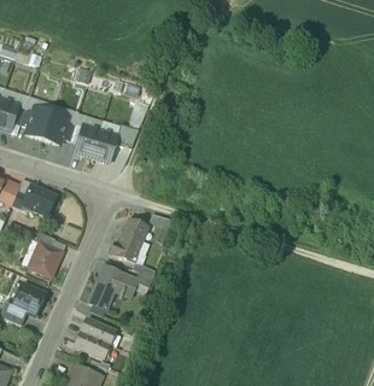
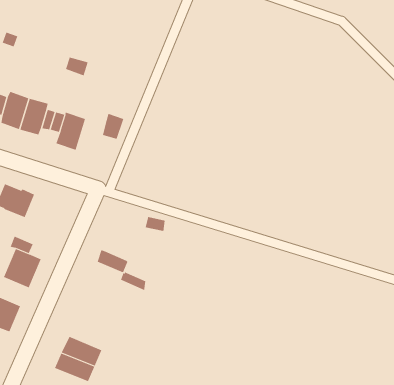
building: [93,128,118,160] -> none
building: [118,218,148,252] -> none
building: [88,267,138,310] -> none

